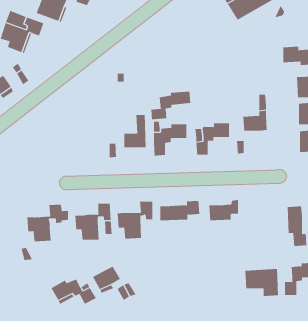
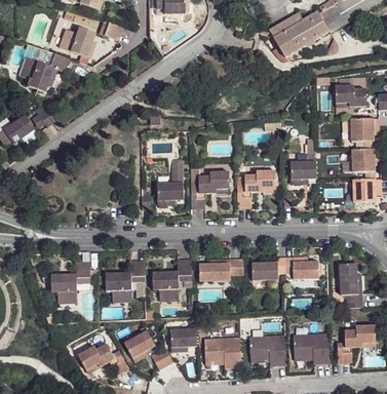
building: [151,91,191,120] -> none
building: none -> [285,255,318,278]
building: none -> [168,327,196,346]
building: none -> [248,334,284,365]
building: none -> [204,336,240,366]

